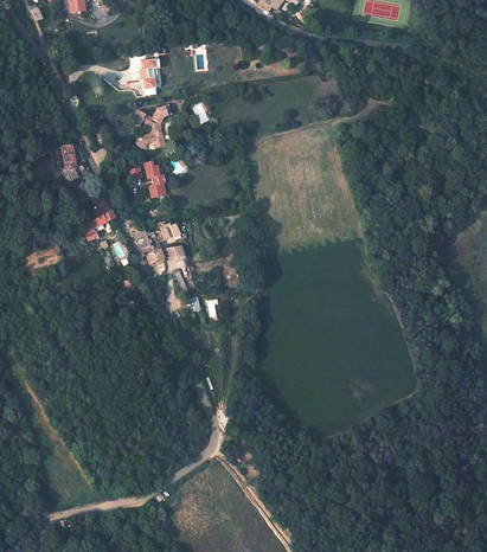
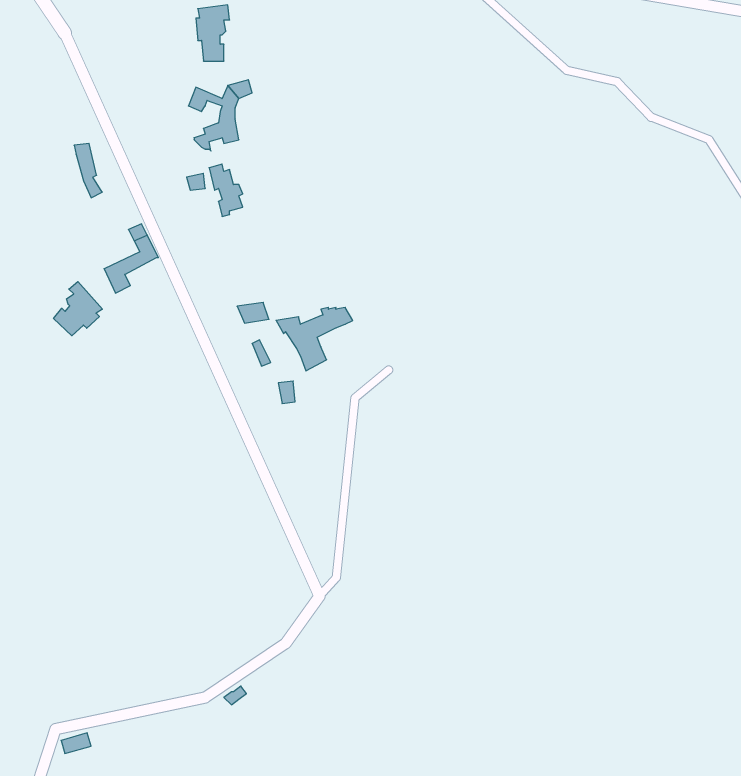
building: [130,224,179,264] -> [276,307,353,371]
building: none -> [54,282,102,336]

